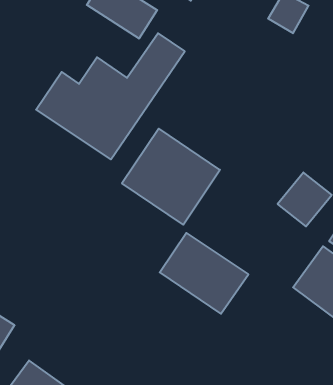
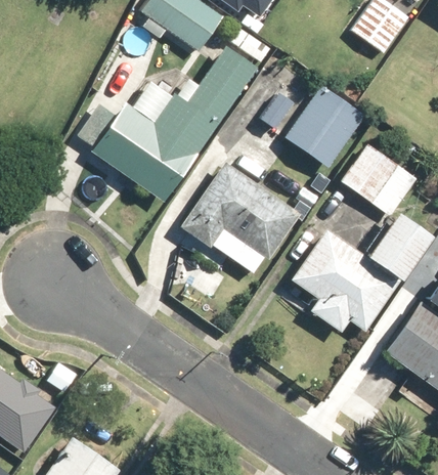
building: none -> [287,90,363,168]
building: none -> [343,147,414,216]
building: [160,233,248,314] -> [294,236,399,333]

